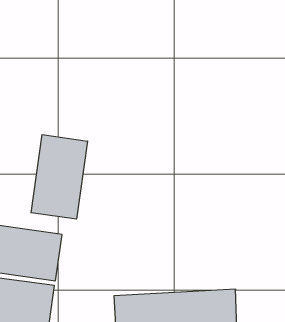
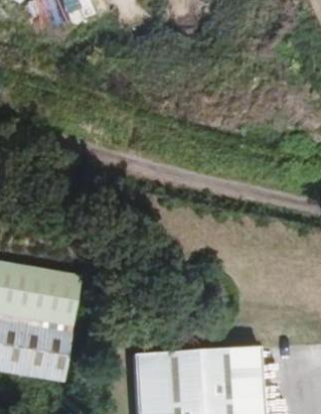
building: [31,135,88,219] -> none

